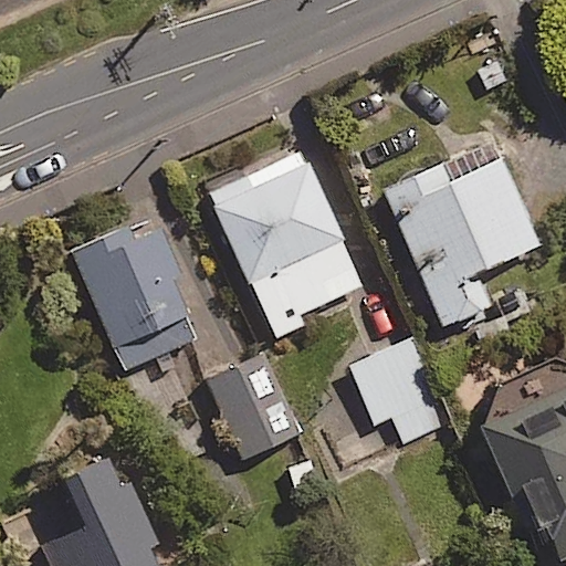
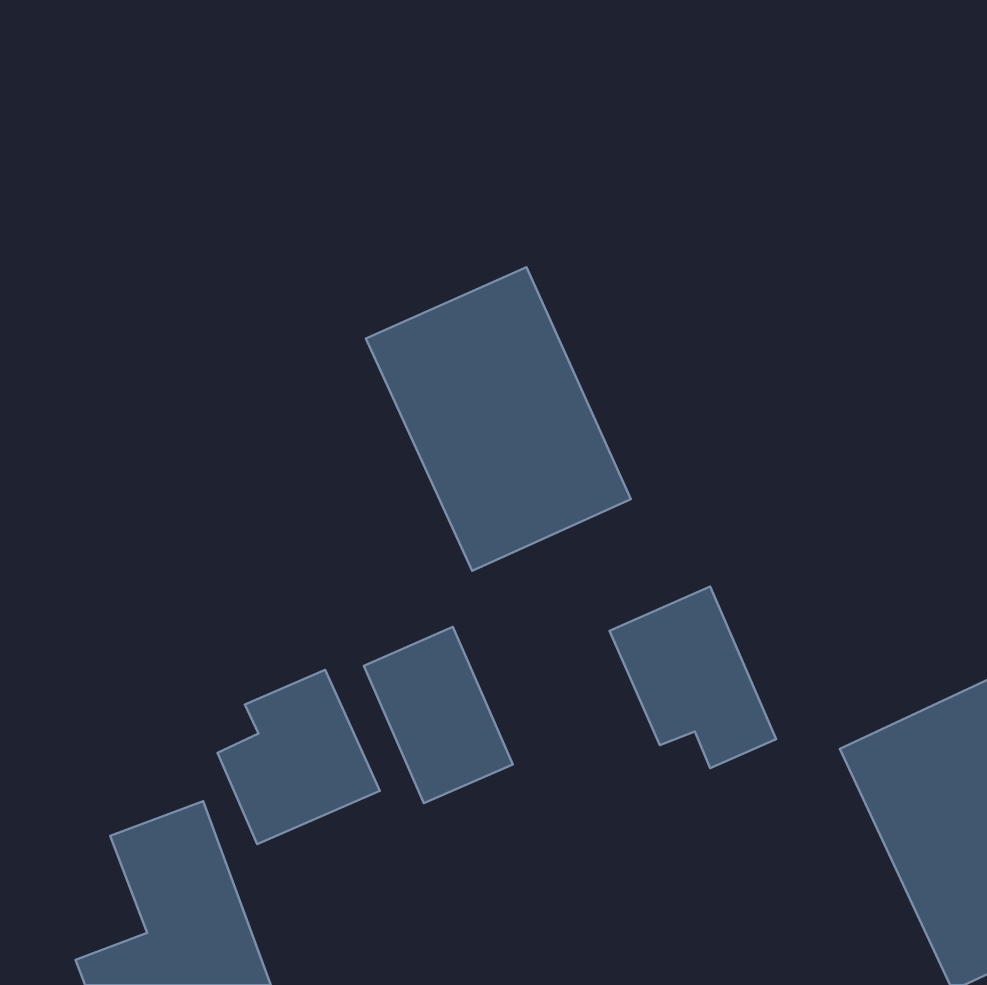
building: [387,161,539,326] -> none
building: [72,227,198,370] -> none
building: none -> [217,670,380,844]

